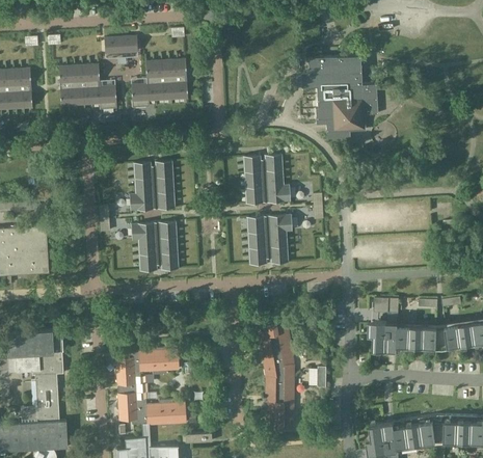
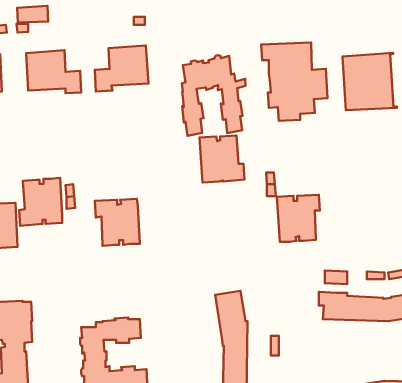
building: [104,36,137,54] -> [17,6,48,22]
building: none -> [342,53,397,110]
building: none -> [182,55,246,136]
building: [129,161,175,212] -> [19,178,62,226]
building: [246,215,292,265] -> [277,195,320,242]

